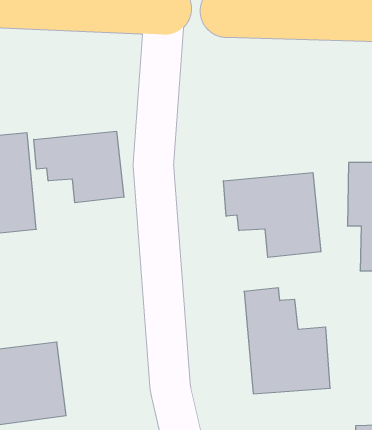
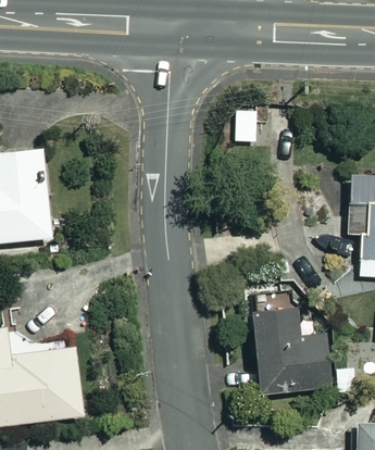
building: [34,131,124,203] -> none
building: [223,173,321,257] -> none

